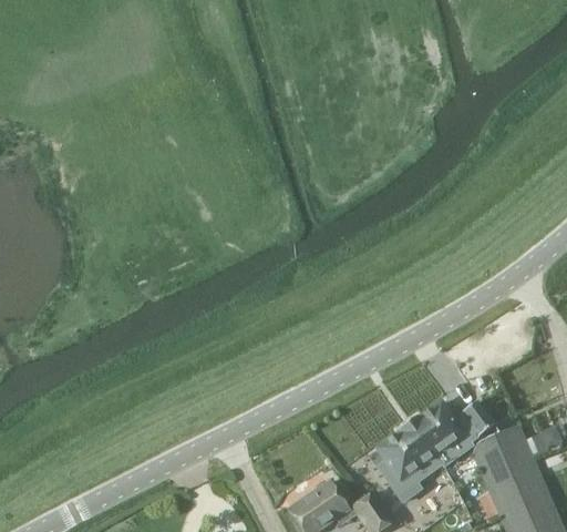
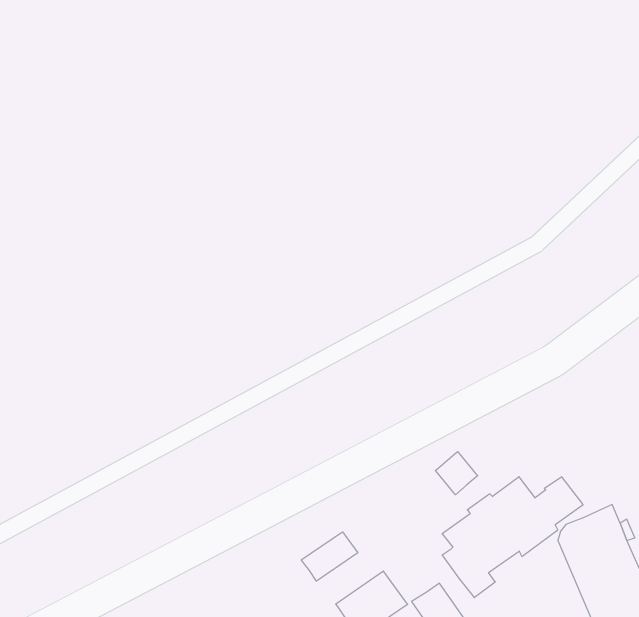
building: none -> [435,452,478,495]
building: none -> [301,532,358,581]

